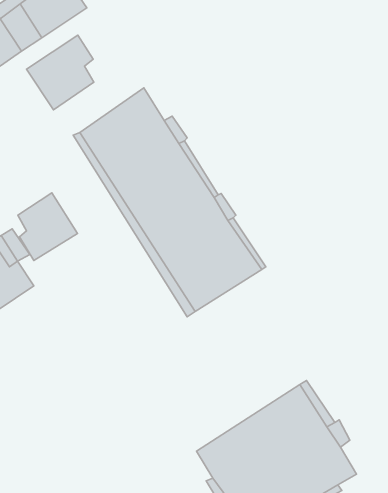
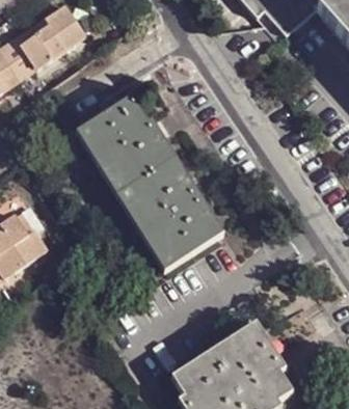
building: [26,35,94,110] -> none
building: [18,193,77,260] -> none

